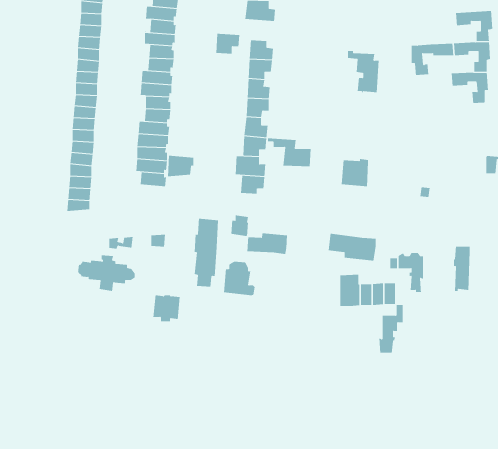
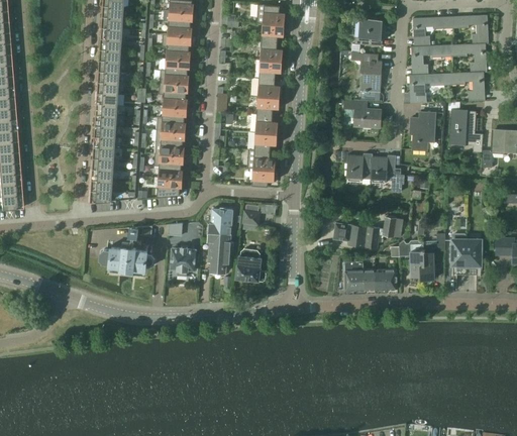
building: none -> [412,16,453,46]
building: none -> [350,18,383,51]
building: [210,33,240,54] -> [255,22,284,42]
building: none -> [409,73,449,103]
building: none -> [450,110,483,151]
building: none -> [410,111,435,150]
building: [267,138,312,167] -> [339,99,381,126]
building: [167,155,194,177] -> [157,177,182,197]
building: none -> [371,154,404,192]
building: none -> [379,216,402,237]
building: [247,232,287,255] -> none
building: none -> [466,239,482,277]
building: [153,295,181,322] -> [170,247,196,273]
building: [379,304,403,353] -> [420,233,443,279]

